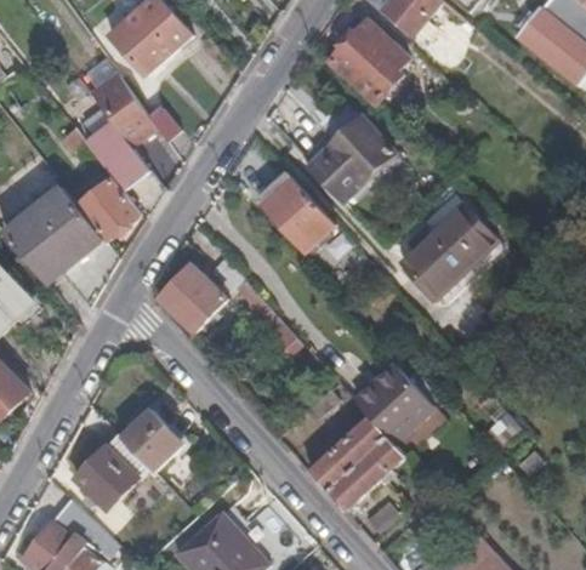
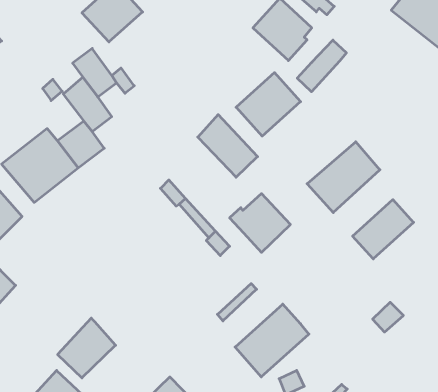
building: none -> [297,40,346,92]
building: [159,264,224,331] -> none
building: none -> [353,200,414,259]
building: [351,365,429,441] -> [230,194,290,252]
building: [125,412,186,473] -> none

